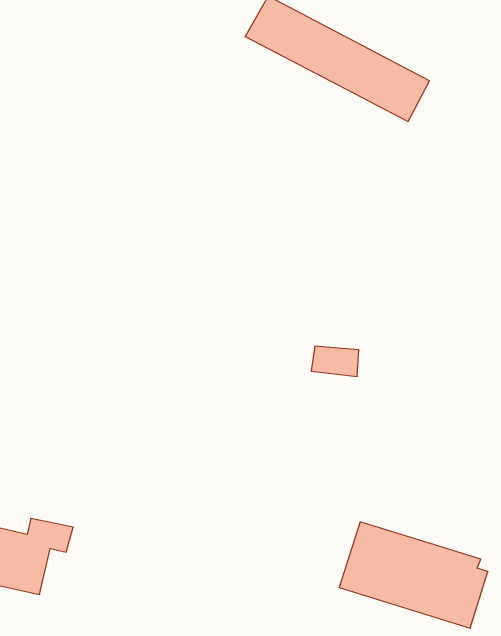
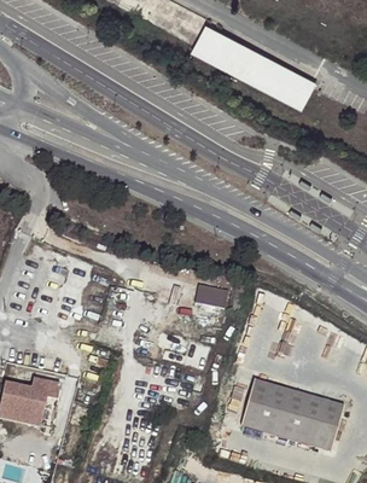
building: [311,346,359,376] -> [196,284,228,304]

